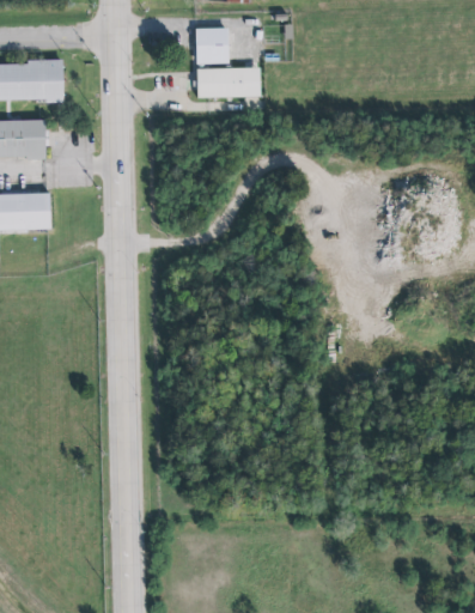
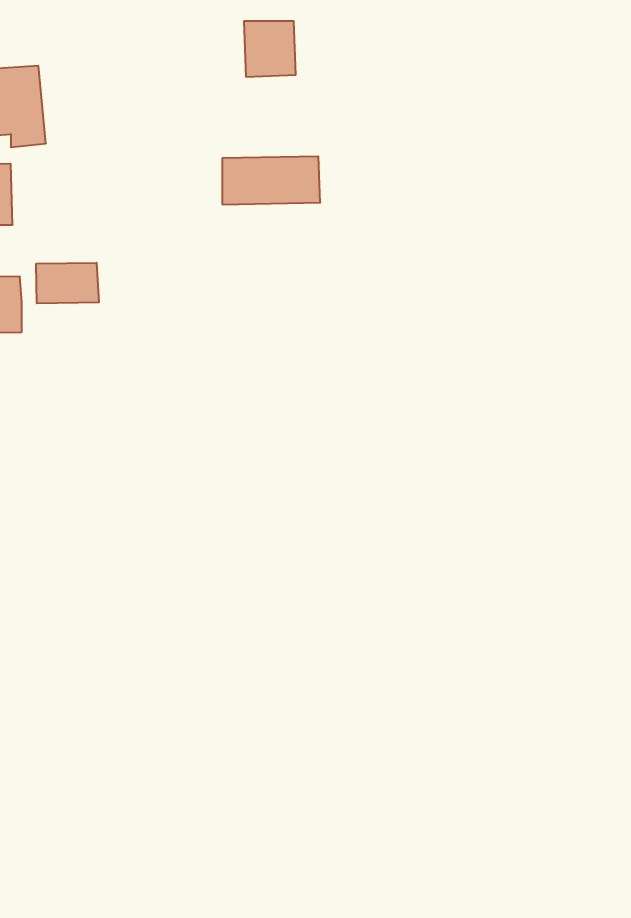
building: [197,66,261,97] -> [222,156,320,204]
building: none -> [36,263,99,303]

